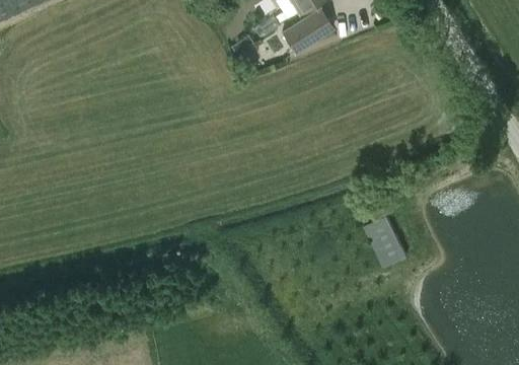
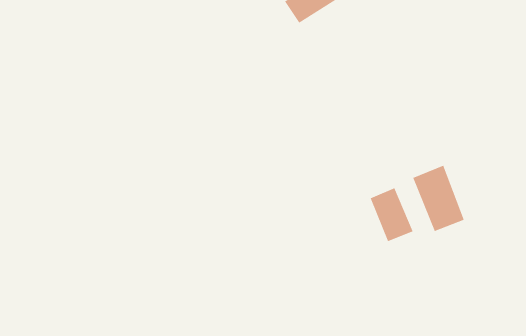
building: none -> [413,165,465,232]

